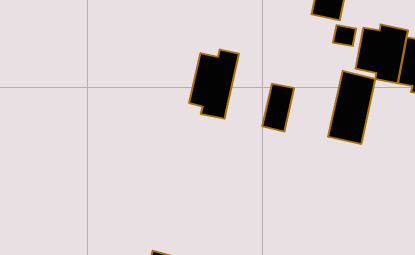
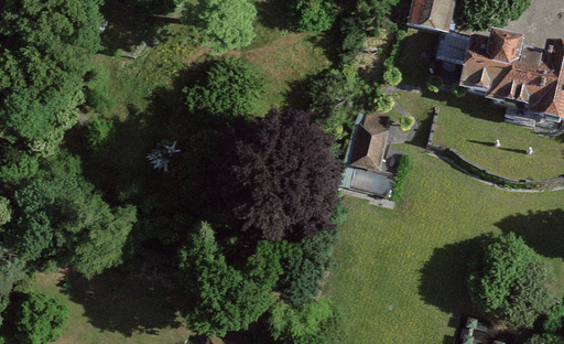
building: [189,49,239,119] -> none
building: [328,71,375,144] -> none

